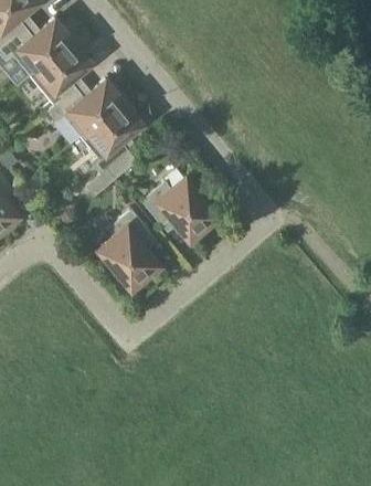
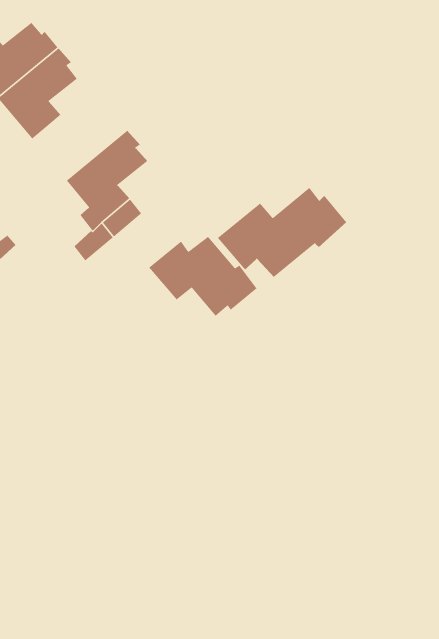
building: [50,81,127,137] -> none
building: none -> [217,187,347,278]
building: [102,210,160,292] -> none

